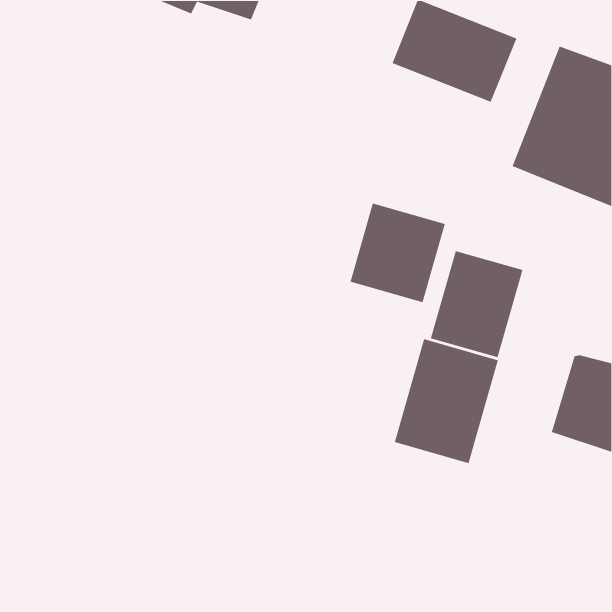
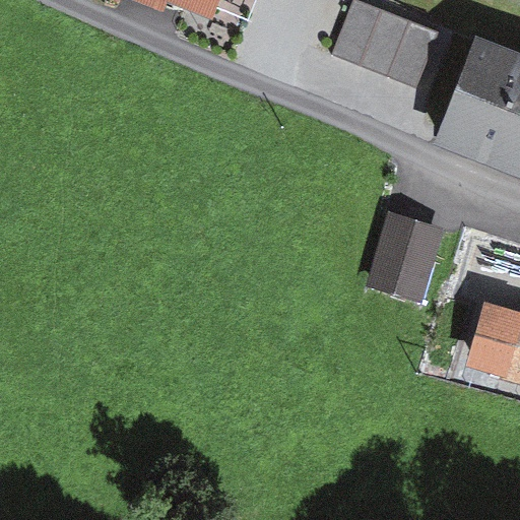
building: [350,202,446,303] -> none
building: [394,338,499,464] -> none

